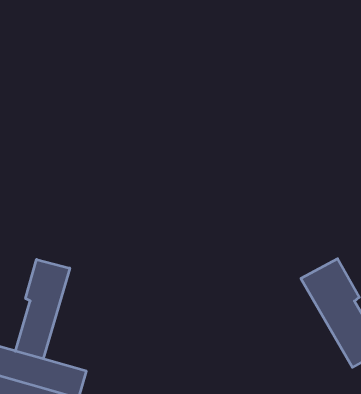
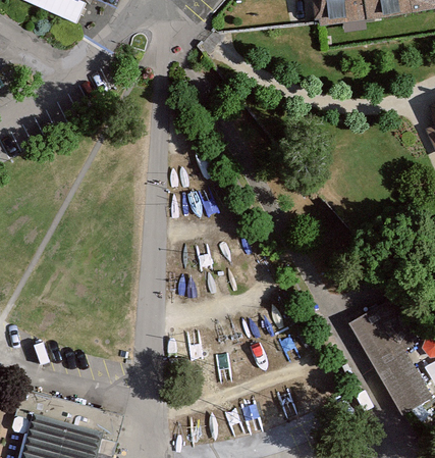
building: [15,259,70,359] -> none

